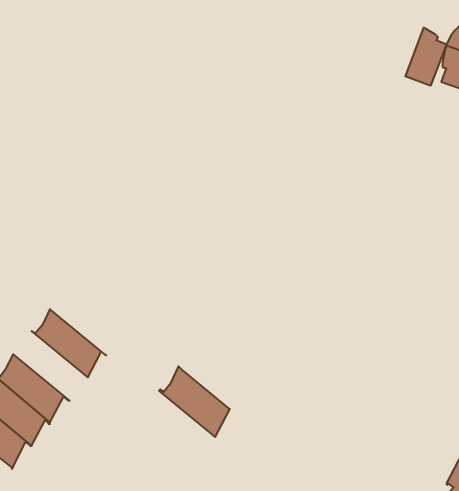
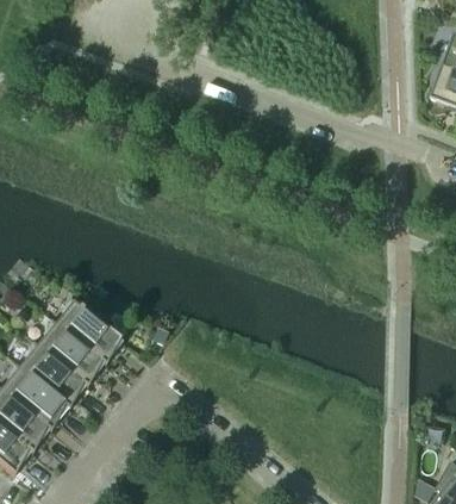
building: [406,28,447,86] -> none
building: none -> [17,343,89,411]
building: [159,366,230,437] -> [52,298,121,367]

